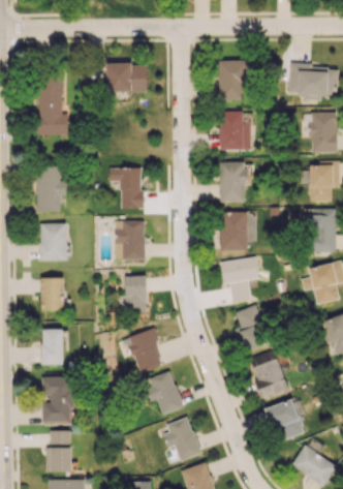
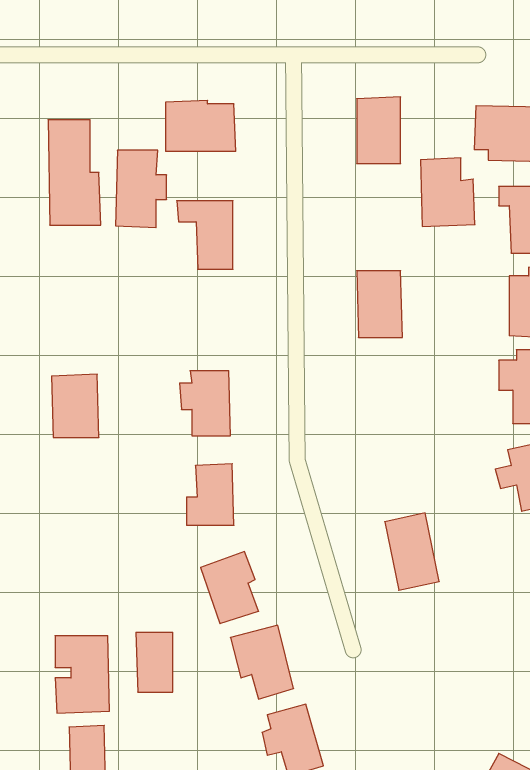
building: [219,111,251,151] -> [421,158,475,226]
building: [36,166,66,212] -> [116,150,167,228]
building: [108,169,142,209] -> [177,201,233,269]
building: [220,211,255,250] -> none
building: [220,256,259,302] -> none
building: [40,277,65,311] -> none
building: [41,330,63,365] -> [136,632,173,692]
building: [248,348,287,398] -> none
building: [267,399,304,441] -> none

